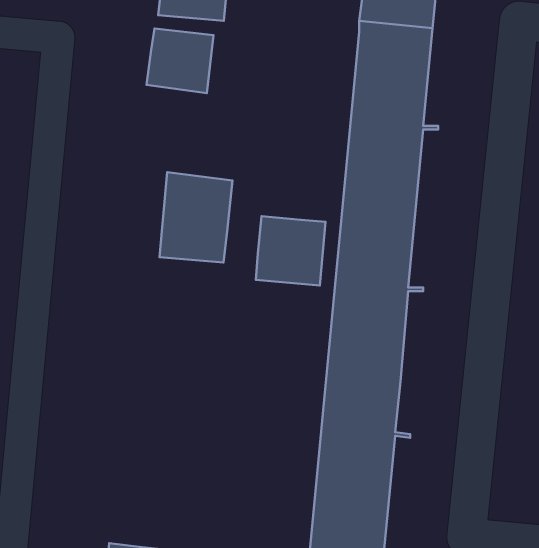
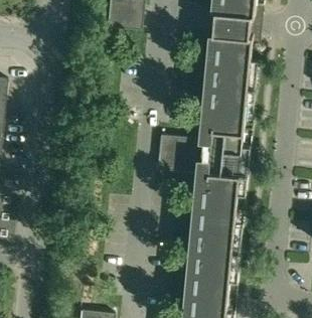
building: [146,29,214,93] -> none
building: [160,172,232,263] -> none

